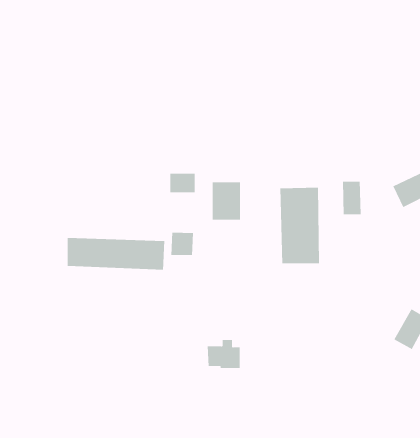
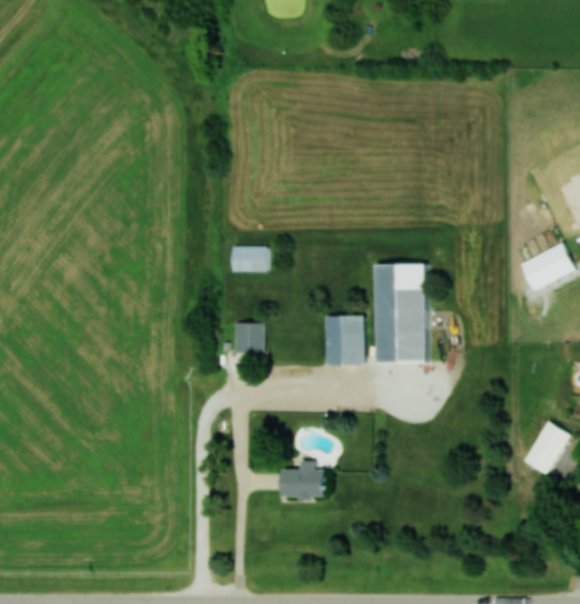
building: [342,181,361,215] -> none
building: [212,182,241,220] -> [326,315,364,365]
building: [67,237,165,270] -> none

